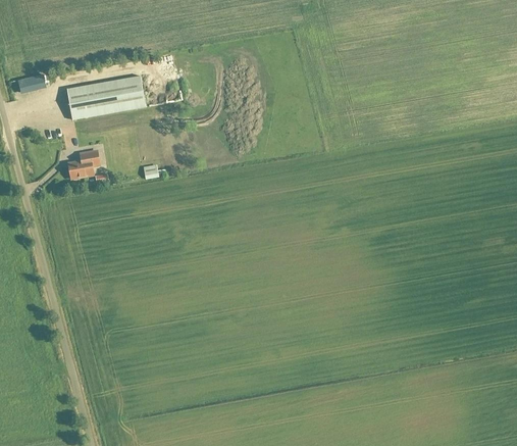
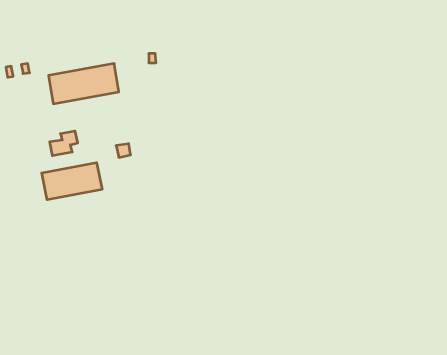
building: none -> [42,163,102,200]

